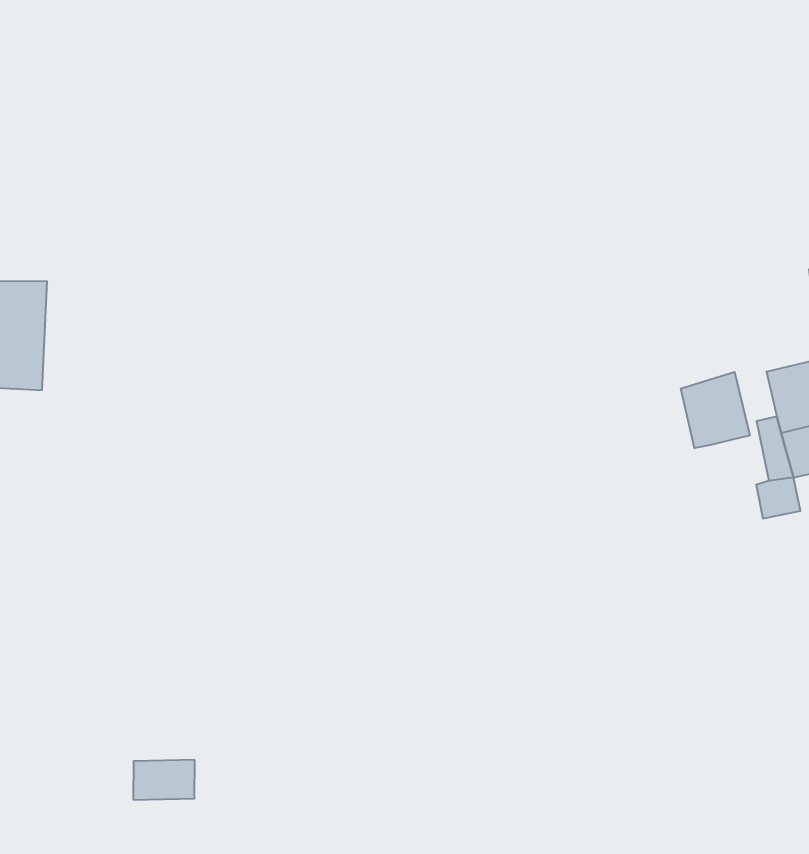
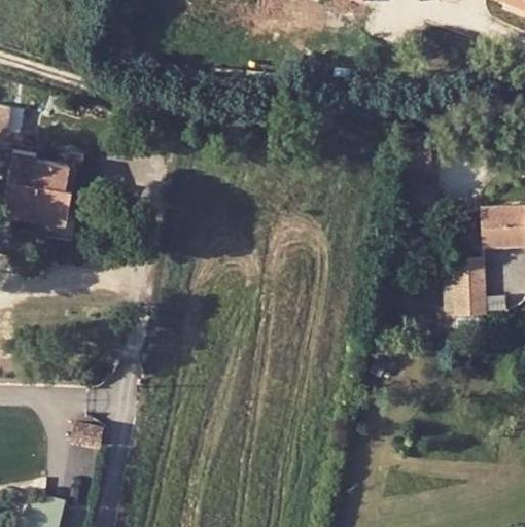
building: [681,372,750,448] -> none

